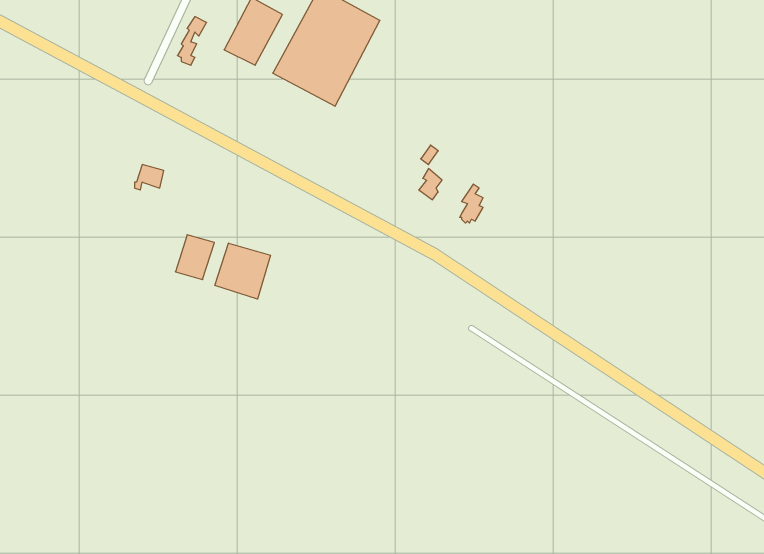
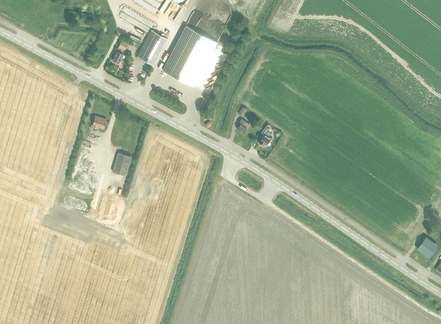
building: [215,243,271,299] -> none

